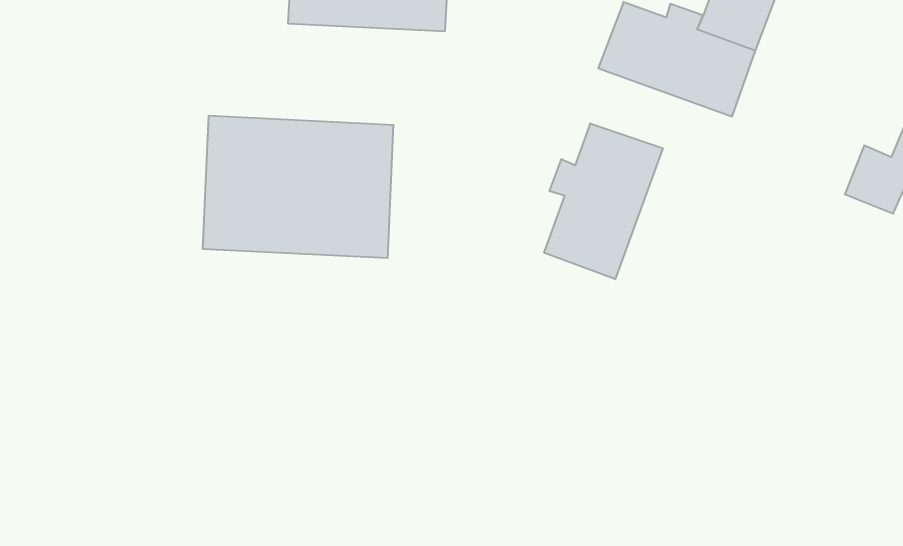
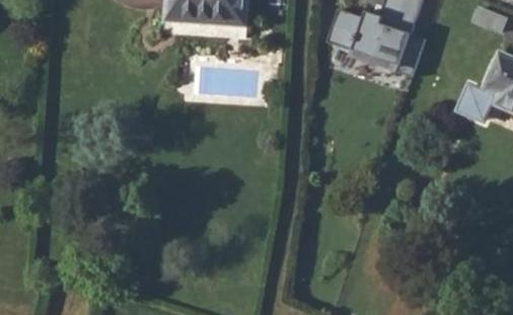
building: [203,116,393,258] -> none
building: [544,123,663,279] -> none

